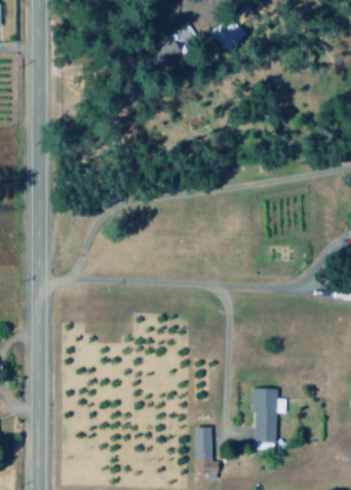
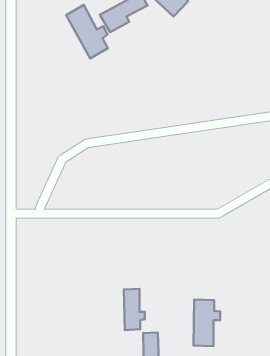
building: none -> [66,5,108,59]
building: none -> [124,289,145,330]

